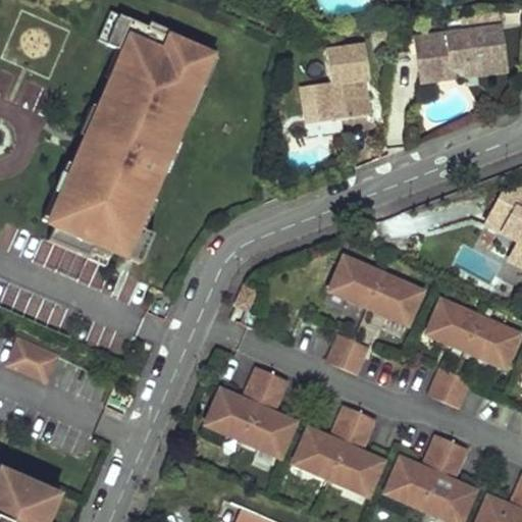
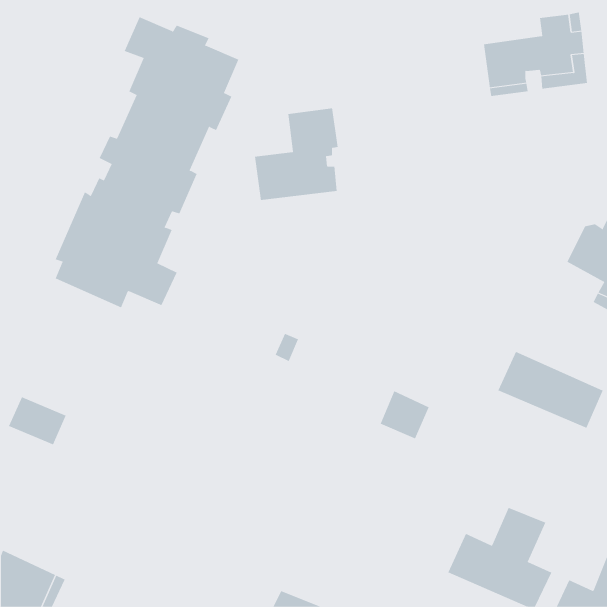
building: [300,44,372,123] -> [254,108,339,201]
building: [330,259,420,324] -> none
building: [206,366,295,456] -> none
building: [427,368,470,409] -> none
building: [294,405,381,493] -> none

